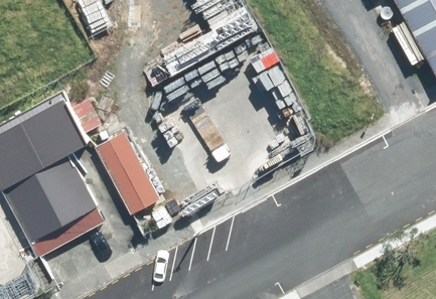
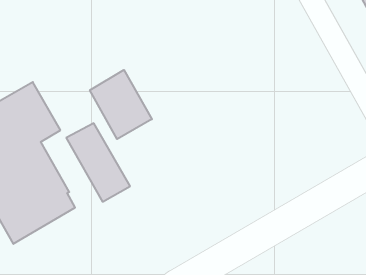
building: none -> [90,70,152,139]

